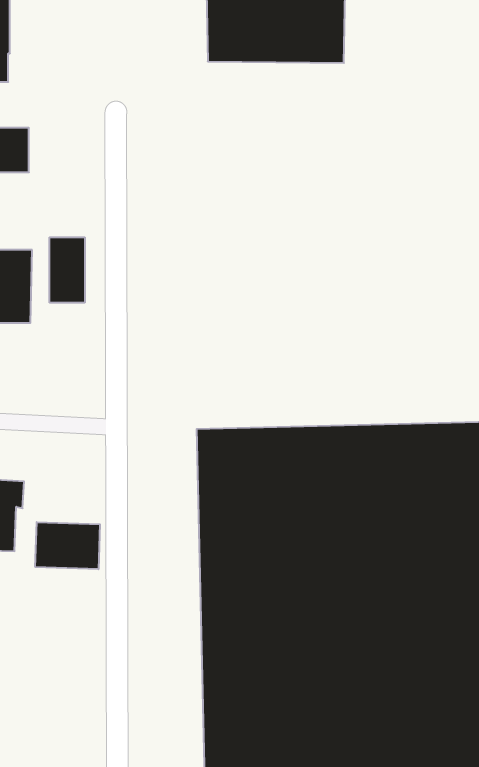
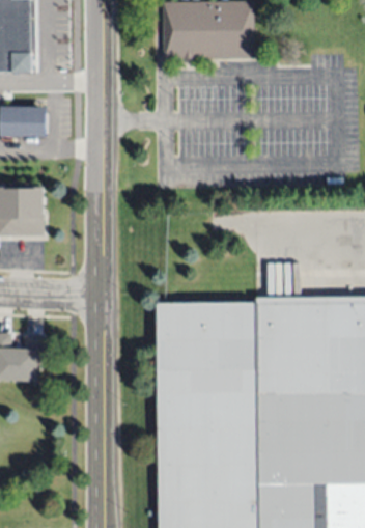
building: [50,237,85,303] -> none
building: [35,522,100,569] -> none

